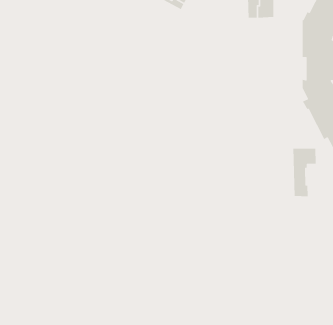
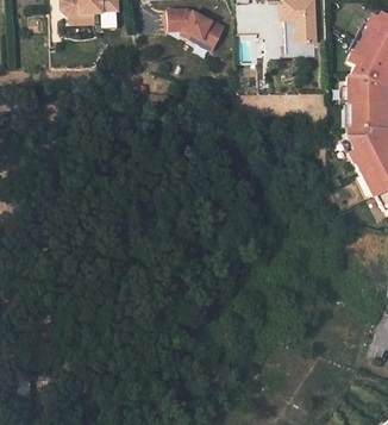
building: [293,148,316,197] -> none

